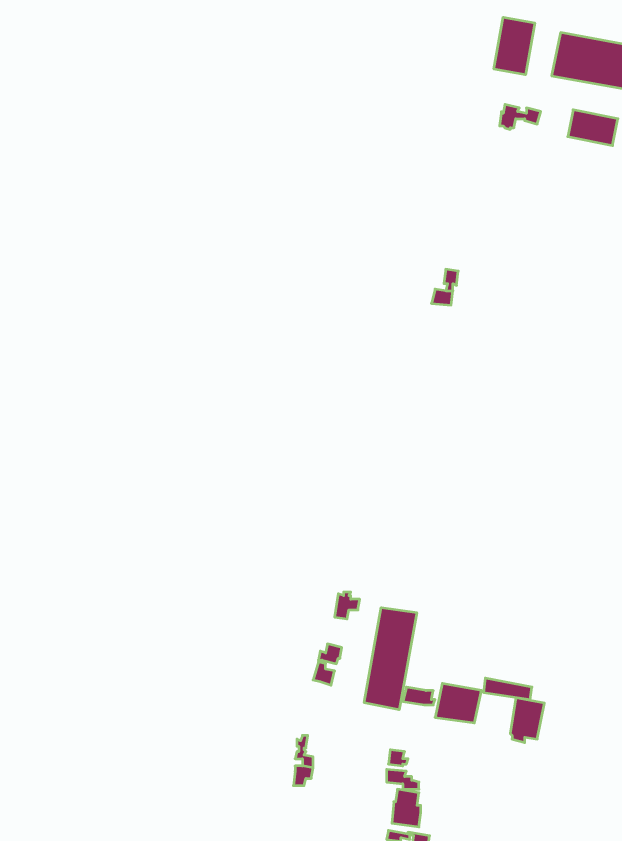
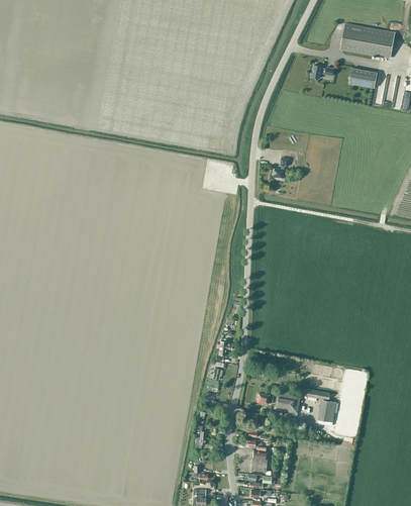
building: [494,17,535,75] -> none
building: [364,608,417,710] -> none

